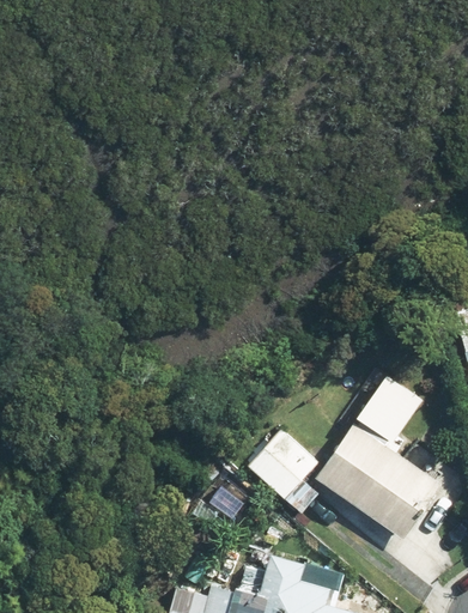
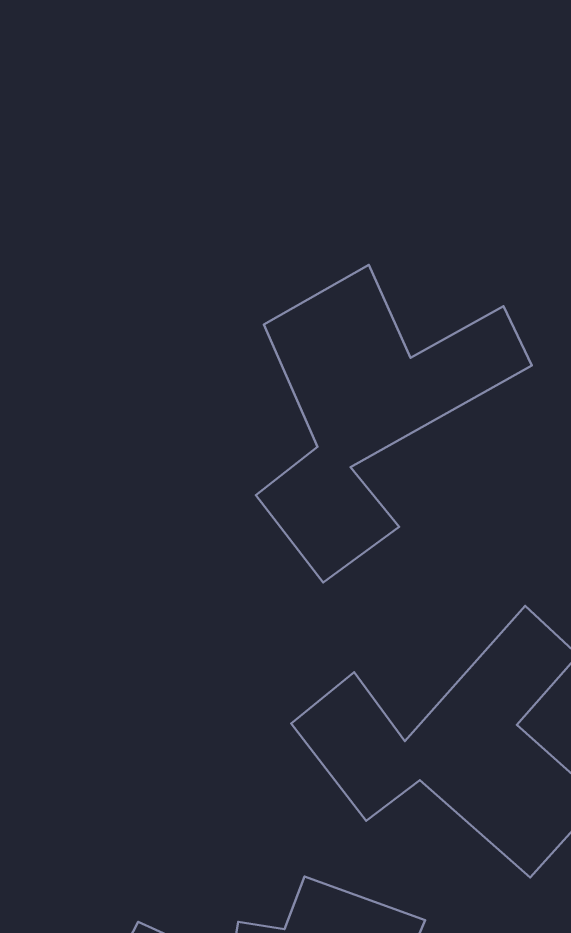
building: none -> [256,265,532,583]

